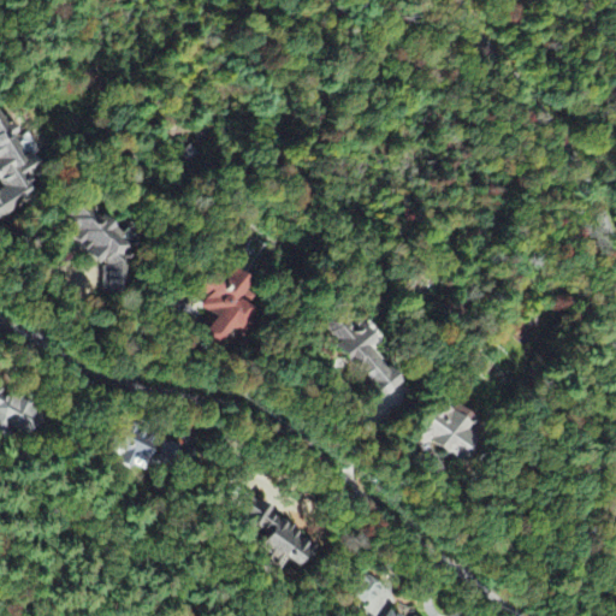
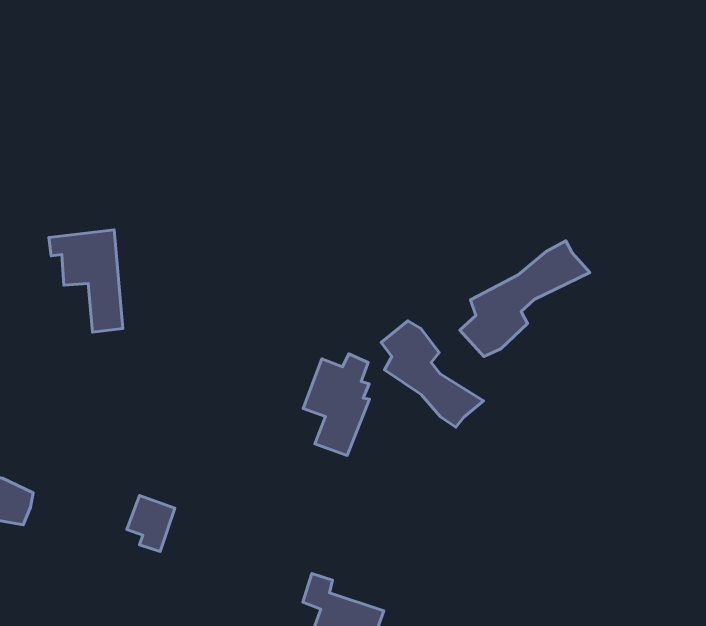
building: none -> [460,241,590,357]
building: [205,268,260,348] -> [303,354,370,455]
building: [415,398,476,456] -> none

